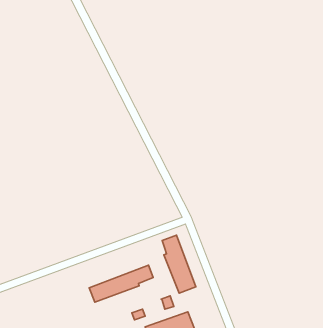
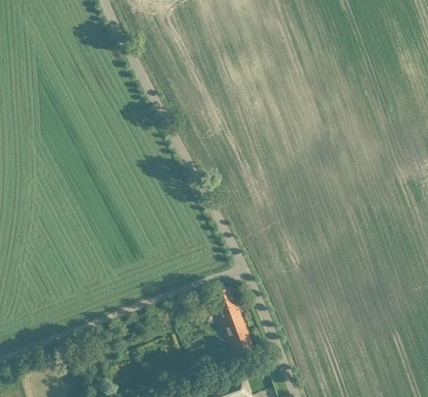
building: [89,265,153,302] -> none

